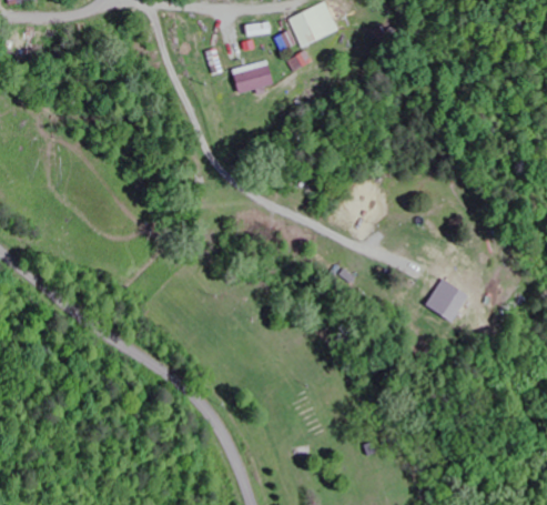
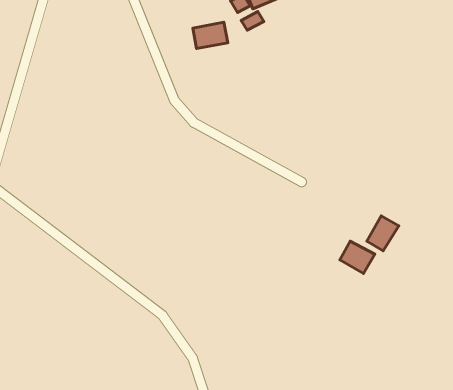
building: none -> [340,241,375,274]

